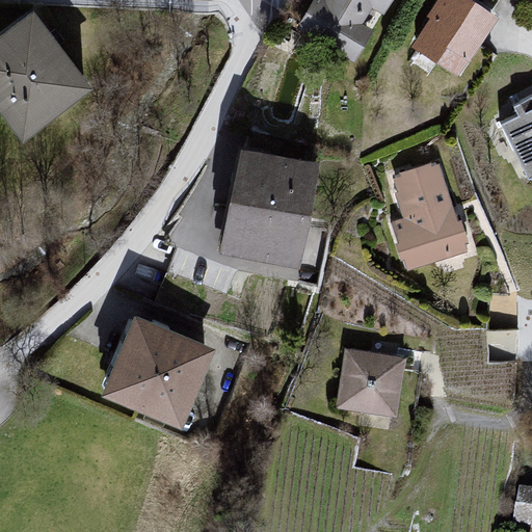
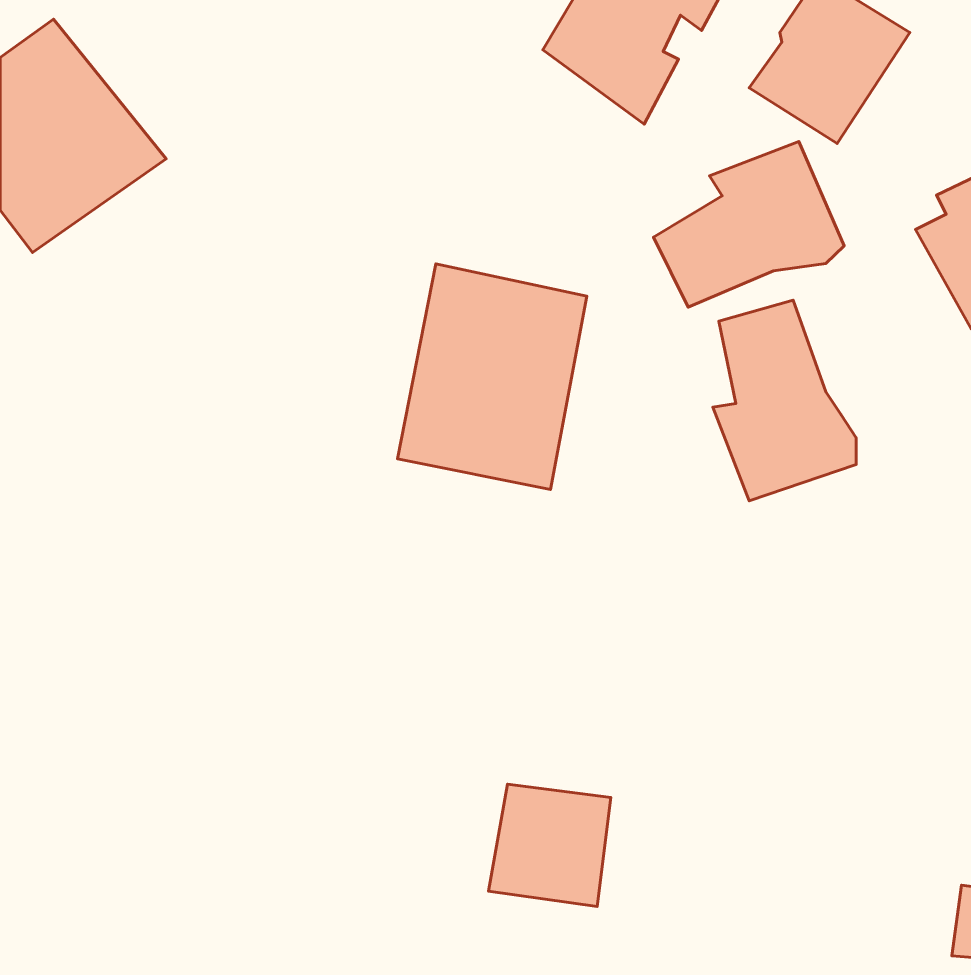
building: none -> [654,141,844,307]
building: [100,312,213,423] -> none
building: [338,352,404,419] -> [488,784,611,907]

